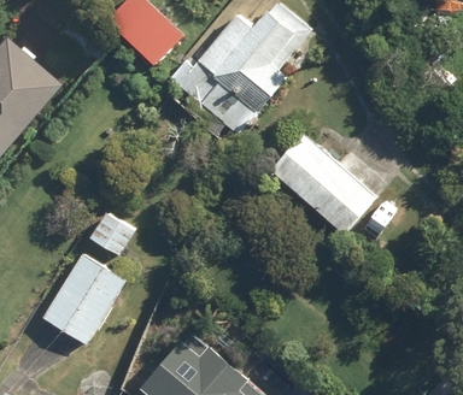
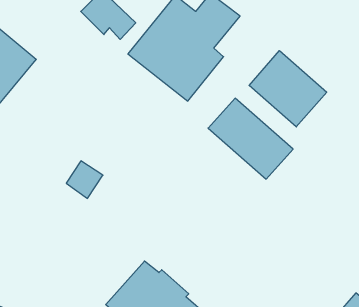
building: none -> [249,51,327,127]
building: [45,254,128,347] -> none

